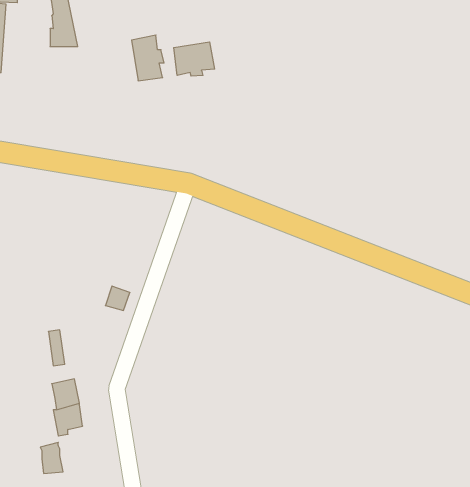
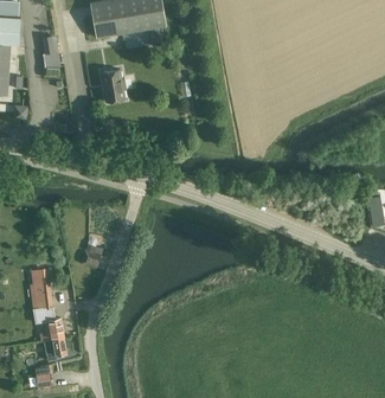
building: [174,42,215,76] -> none

